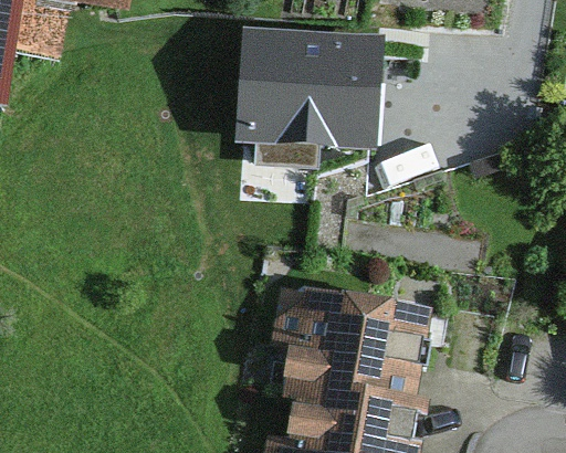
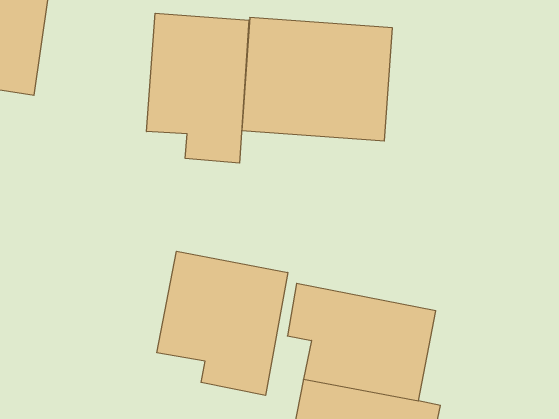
building: none -> [147,13,249,163]
building: none -> [157,251,288,395]

